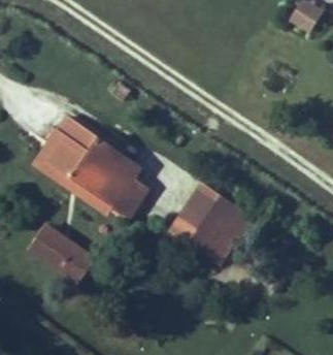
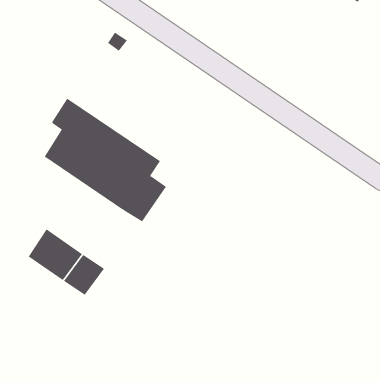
building: [33,136,111,215] -> none
building: [168,183,251,265] -> none

